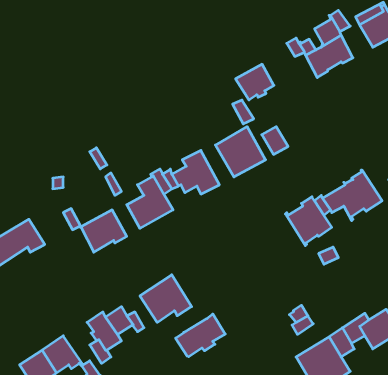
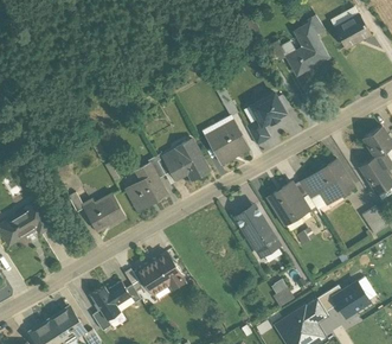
building: [236,64,274,100] -> [251,93,285,125]
building: none -> [234,205,276,255]
building: [176,314,225,357] -> none

